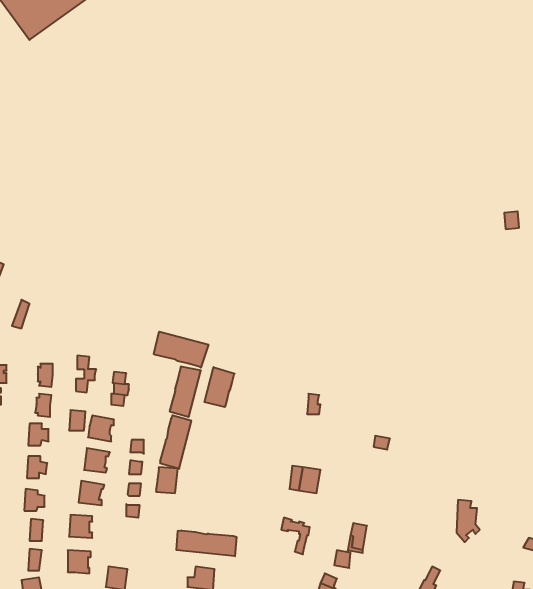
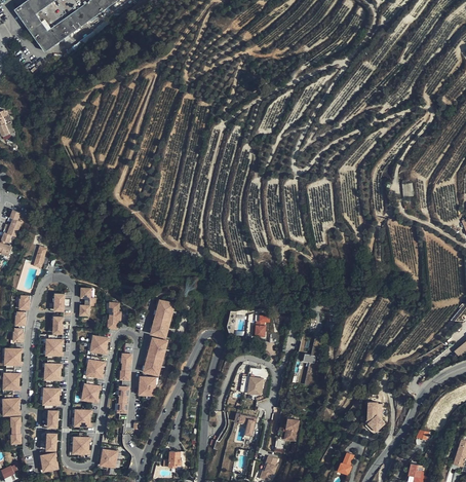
building: [154,332,208,368] -> none
building: [204,367,235,407] -> none
building: [176,530,236,556] -> none

